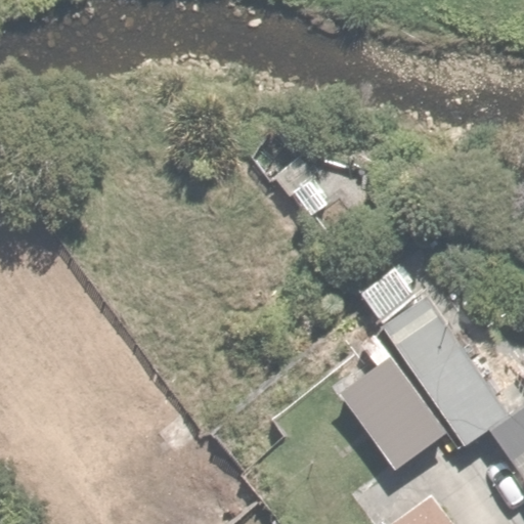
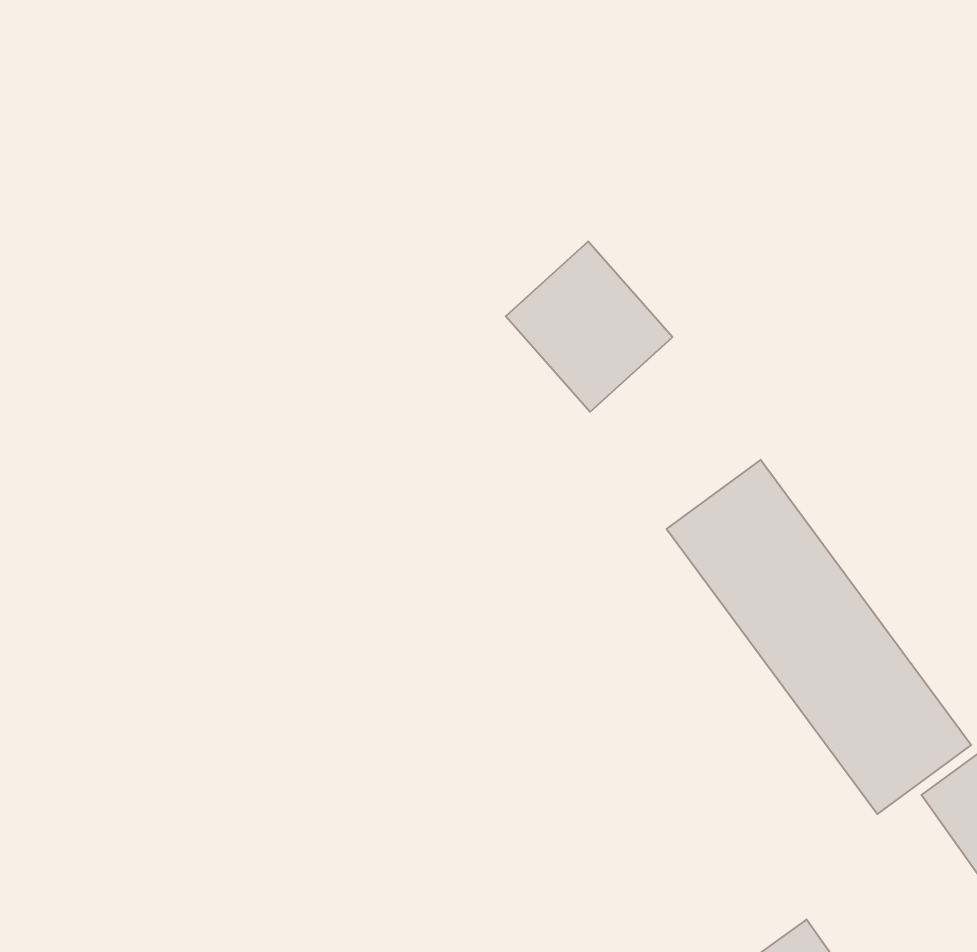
building: [336,336,445,473] -> none

